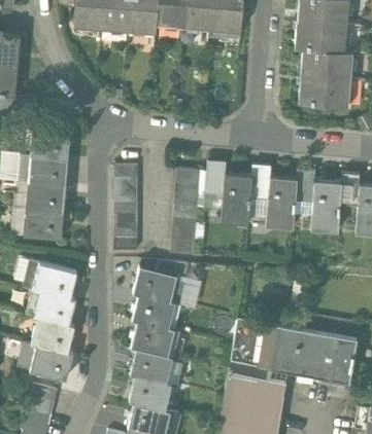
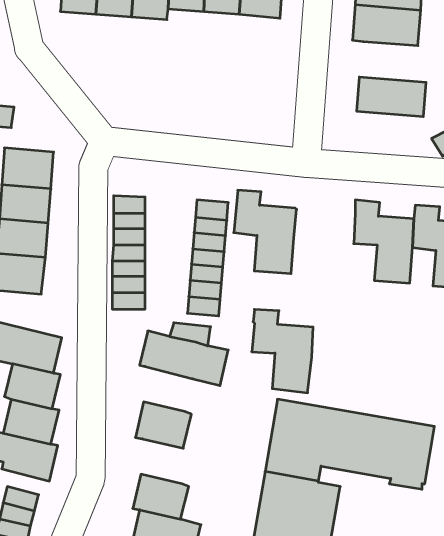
building: [300,49,352,80] -> none
building: [250,166,297,228] -> [252,309,313,393]
building: [132,294,174,328] -> none
building: [130,349,172,383] -> none

